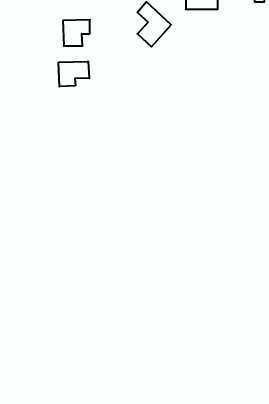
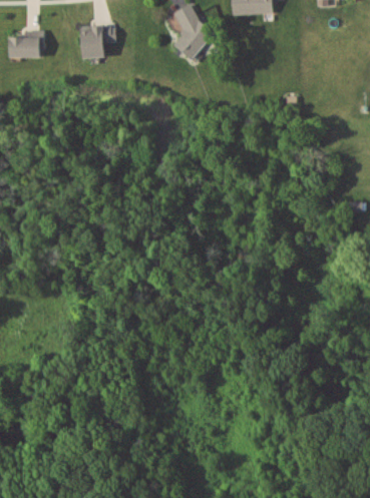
building: none -> [10,35,41,58]
building: [59,61,89,87] -> none

